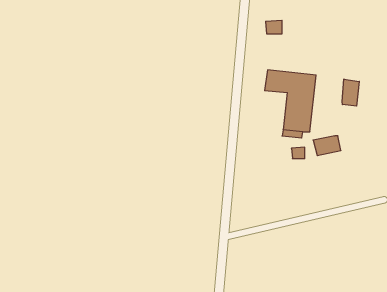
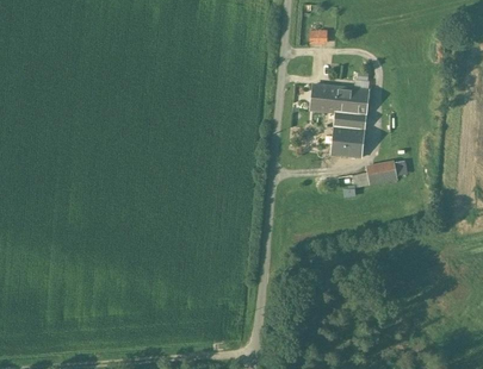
building: [342,79,359,106] -> none

